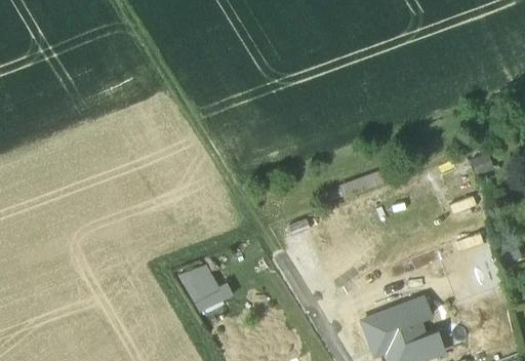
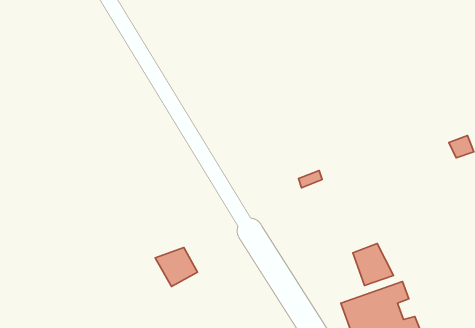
building: none -> [353,244,393,285]

